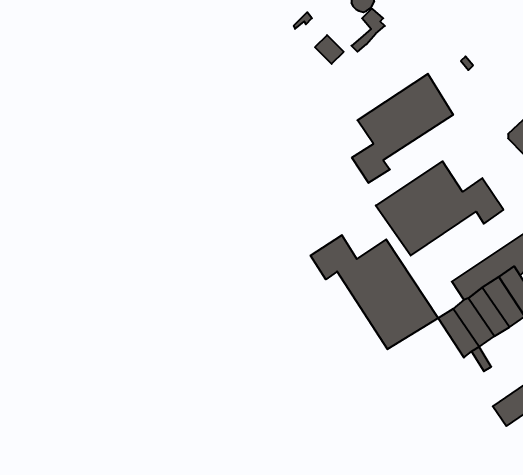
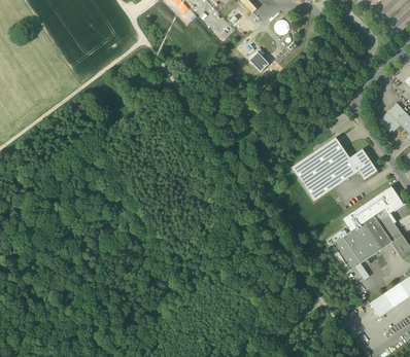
building: [352,74,453,183] -> none
building: [311,235,438,349] -> none

